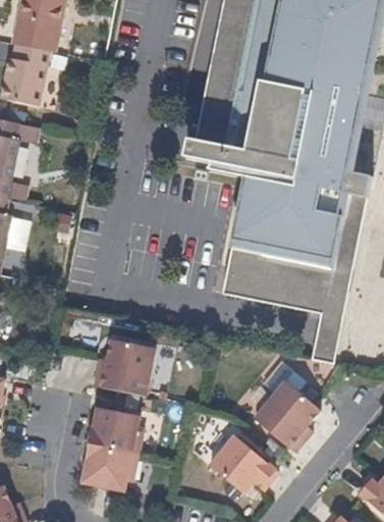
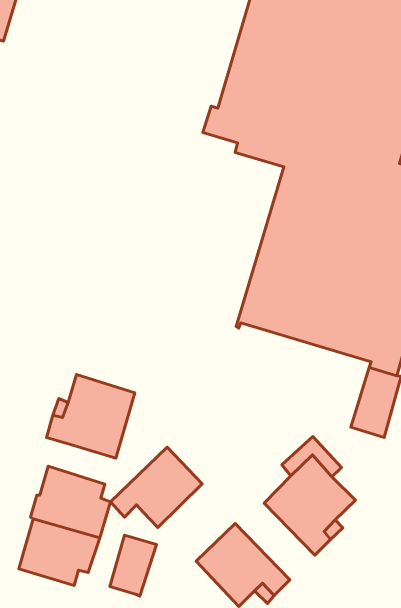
building: none -> [110,447,202,528]
building: none -> [110,535,157,596]

